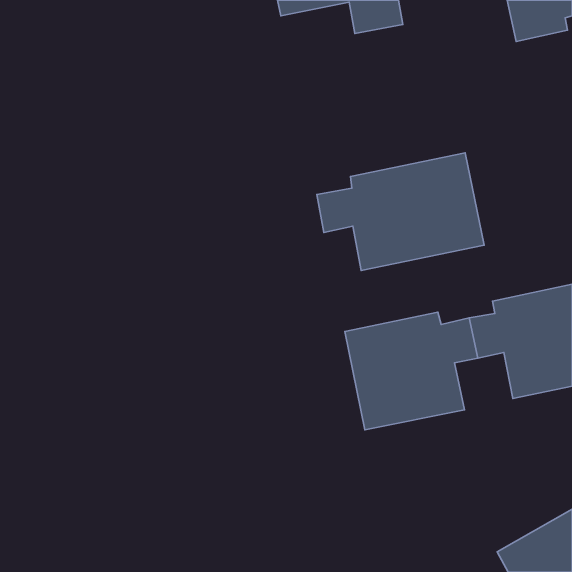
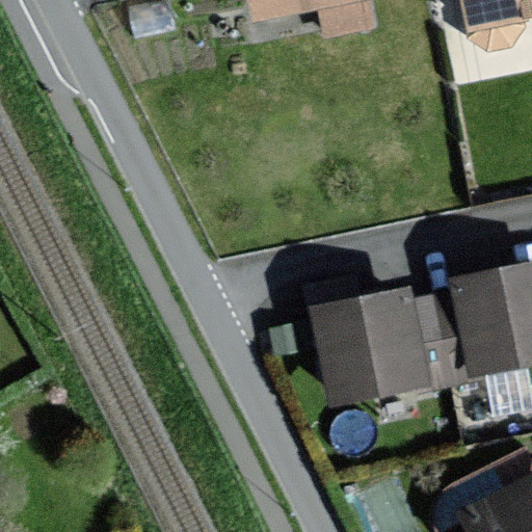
building: [317,153,484,270] -> none

